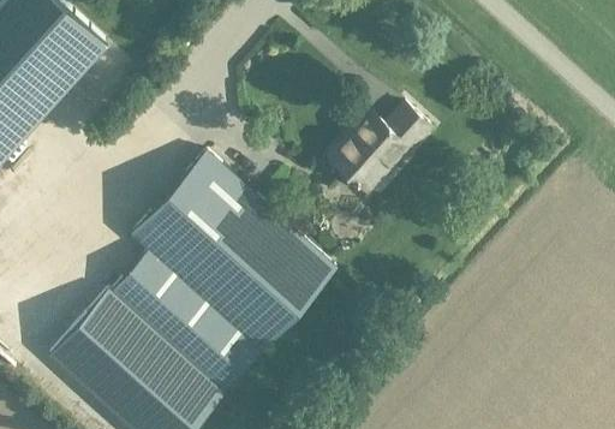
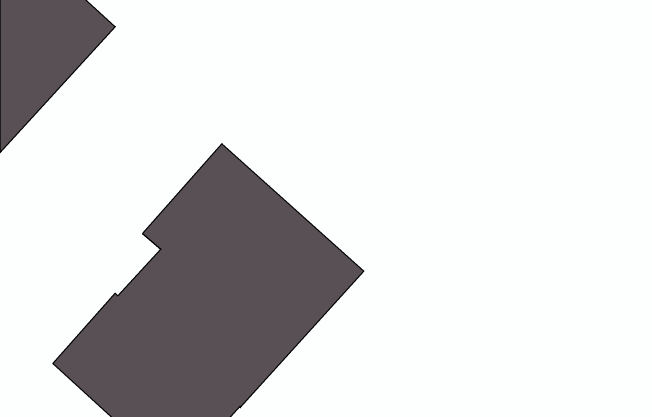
building: [332,102,434,190] -> none

